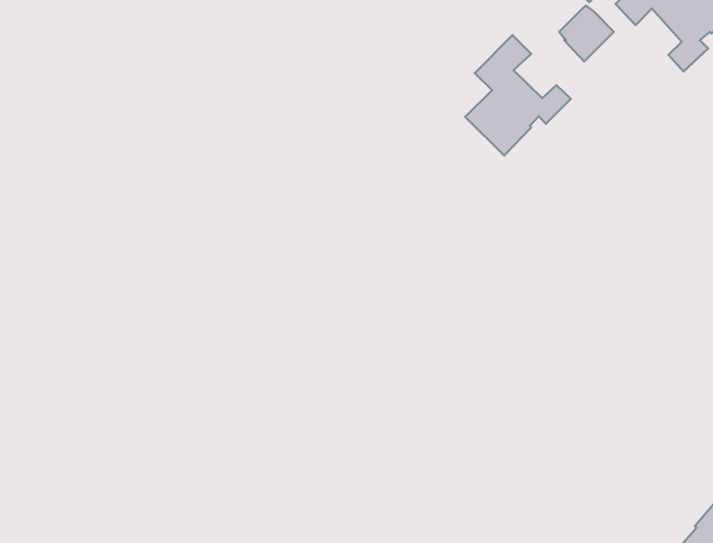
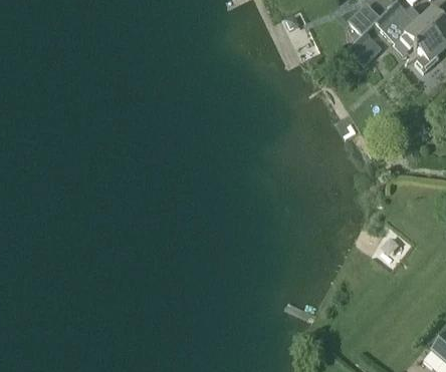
building: [465,35,571,156] -> none

